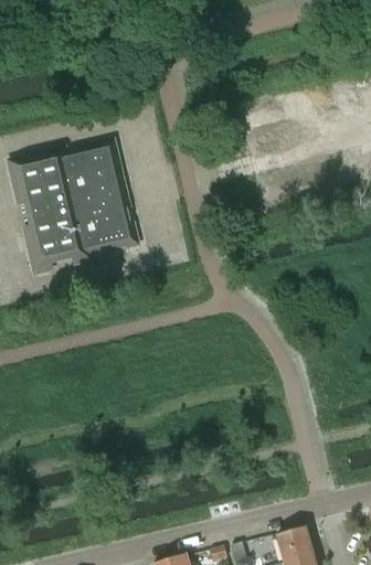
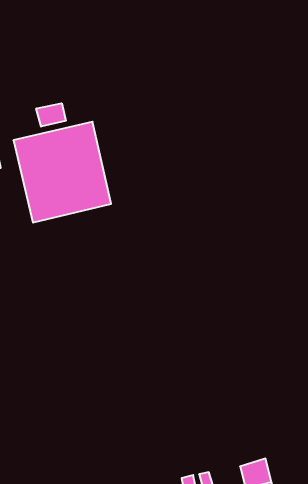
building: none -> [36,103,66,127]

